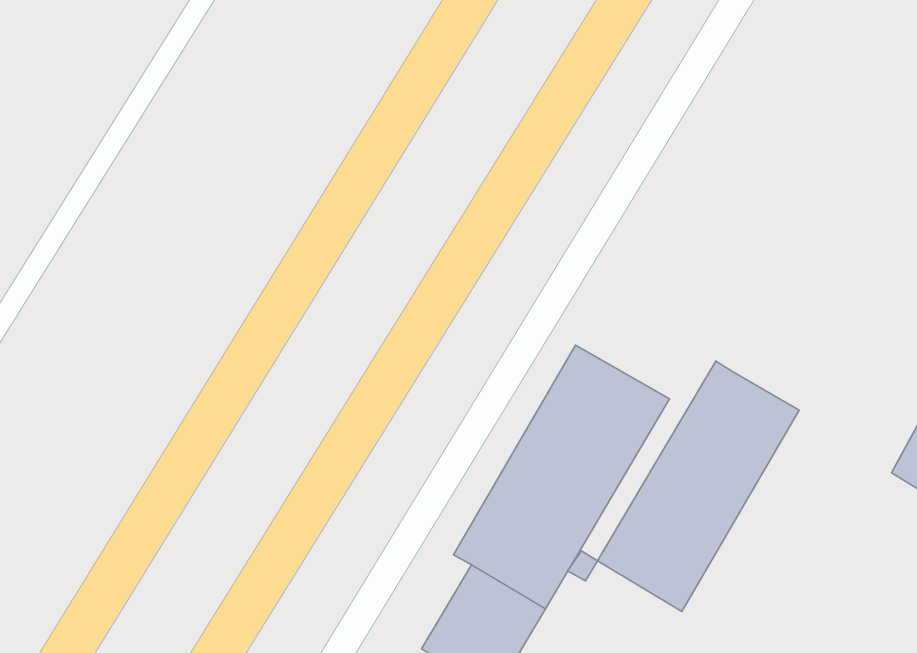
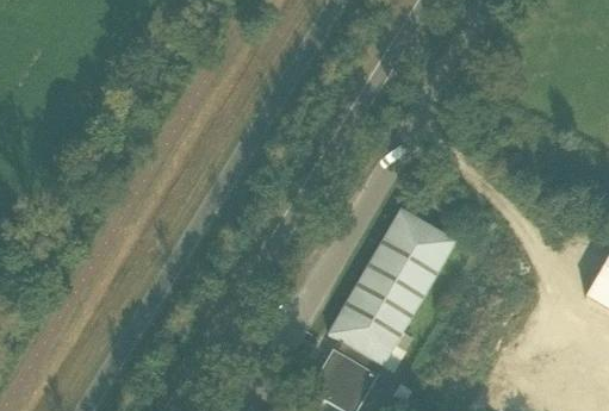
building: [597,361,799,611] -> none

